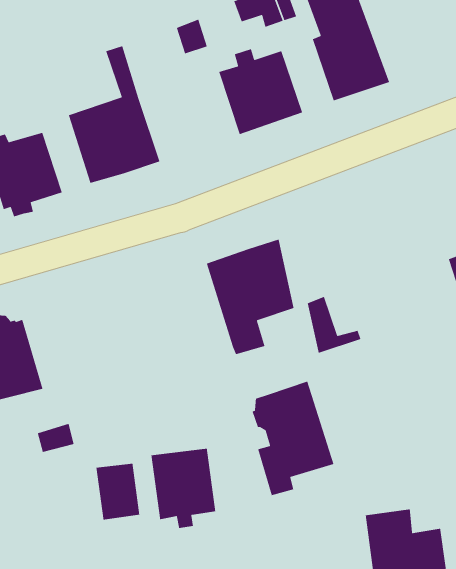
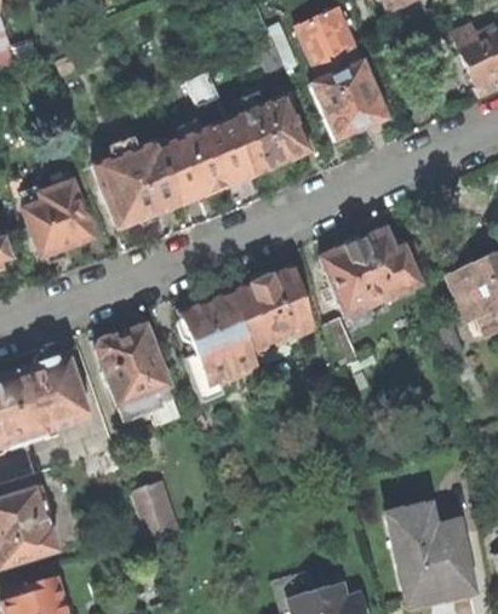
building: none -> [159,117,252,203]
building: none -> [322,230,419,316]
building: none -> [96,327,179,424]
building: [252,380,334,496] -> [179,293,258,401]
building: [150,448,216,529] -> none

